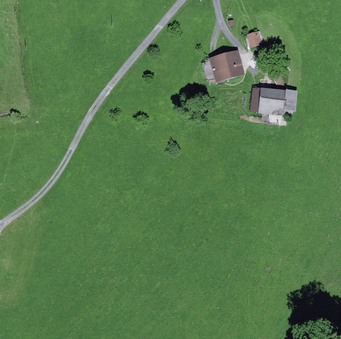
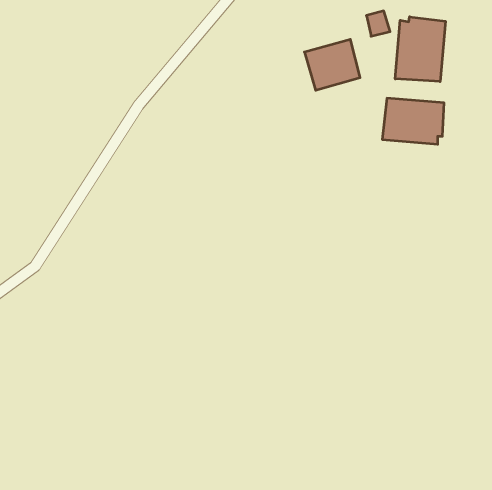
building: none -> [395,17,445,82]

